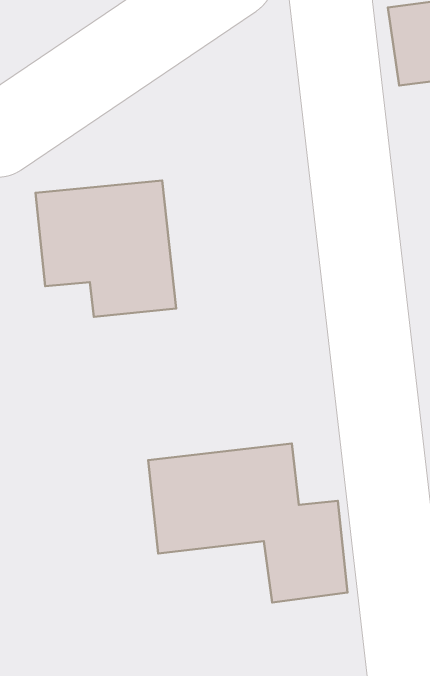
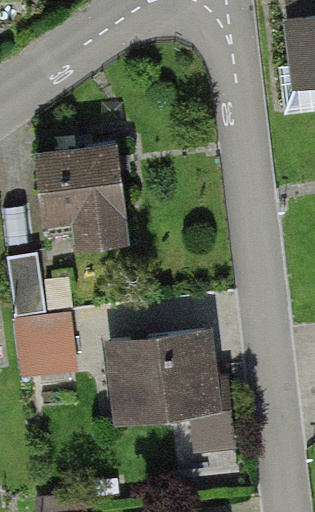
building: none -> [9,261,77,378]

